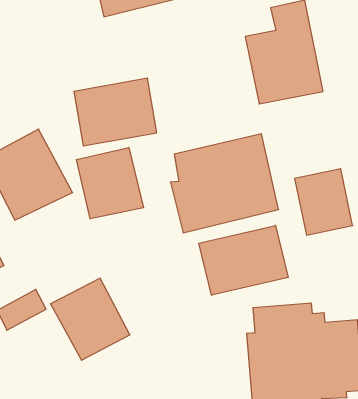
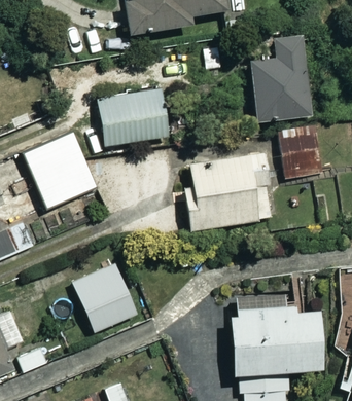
building: [76,147,143,219] -> none
building: [295,169,353,235] -> [275,122,321,177]
building: [199,225,288,295] -> none

